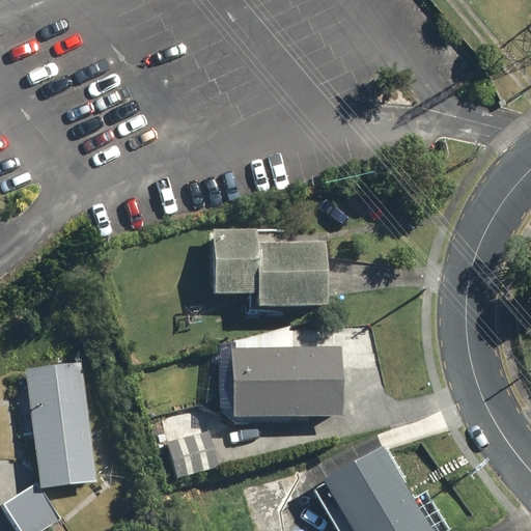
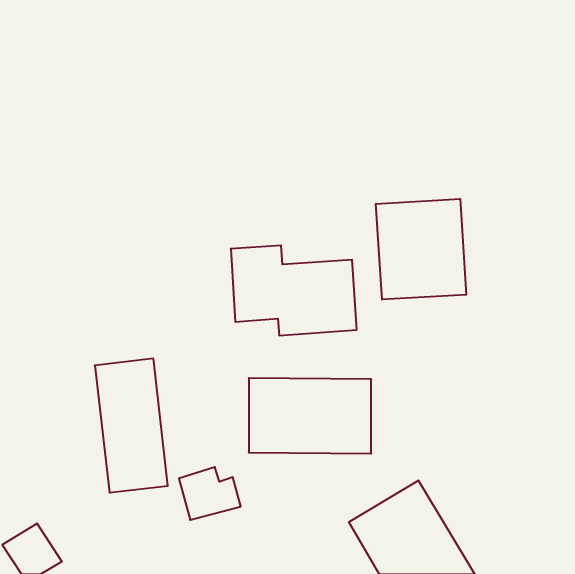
building: none -> [376,199,466,300]
building: [25,361,92,484] -> [95,359,168,493]

